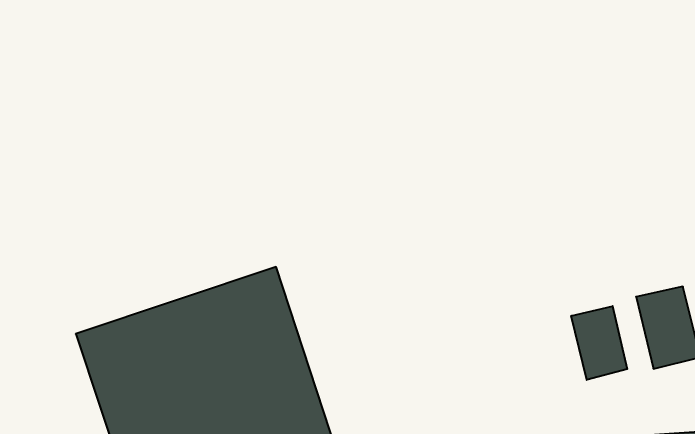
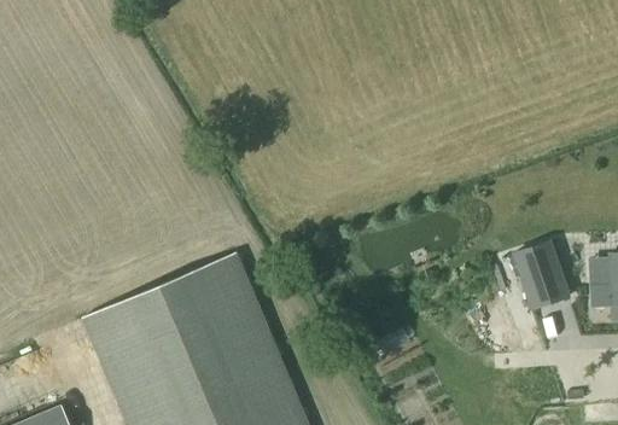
building: [571,306,627,380] -> none

